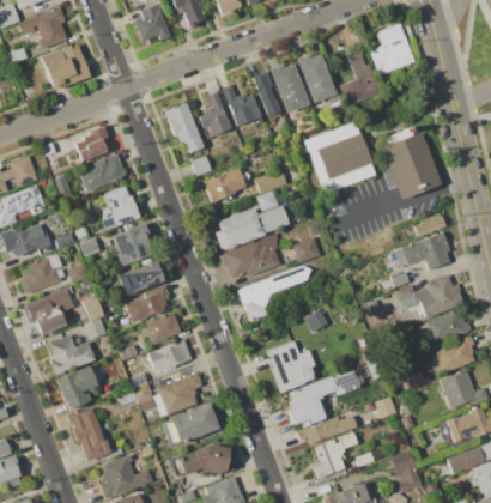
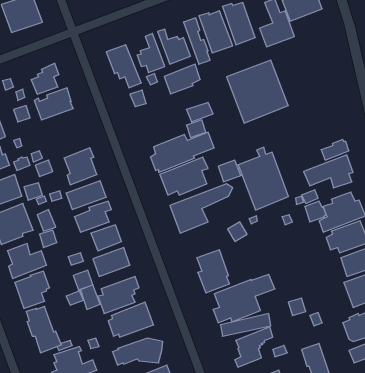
building: [381,126,440,199] -> [238,147,288,210]
building: [204,168,246,202] -> [164,64,200,94]
building: [102,186,140,229] -> none

